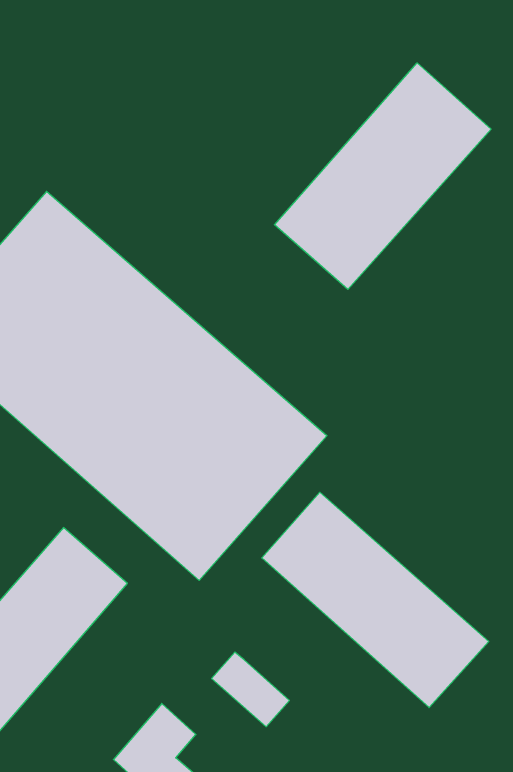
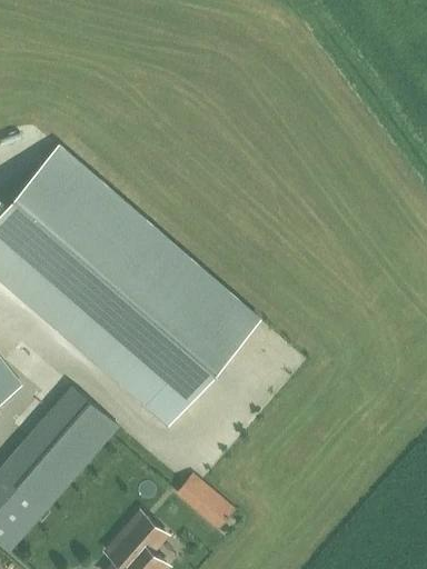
building: [274,63,491,289] -> none
building: [262,492,489,708] -> none

